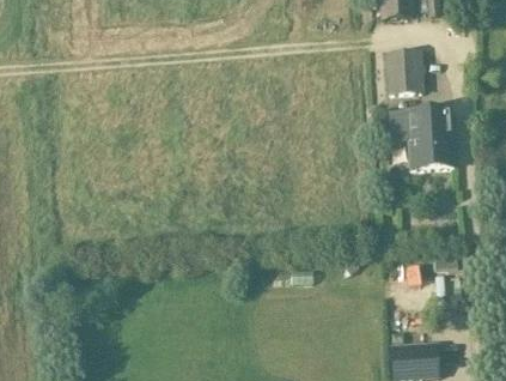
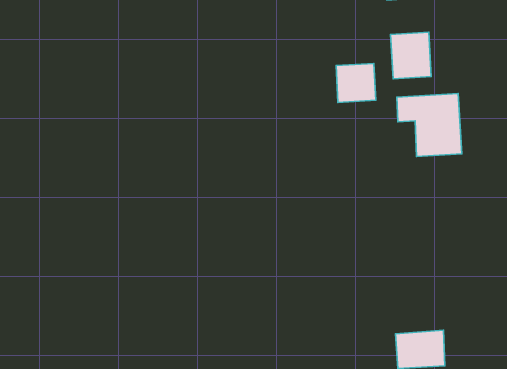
building: none -> [336,63,376,102]

